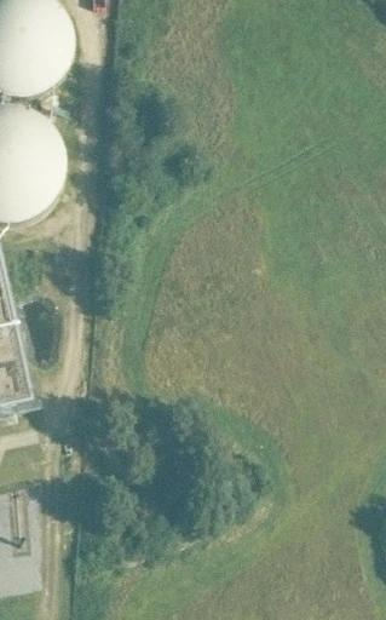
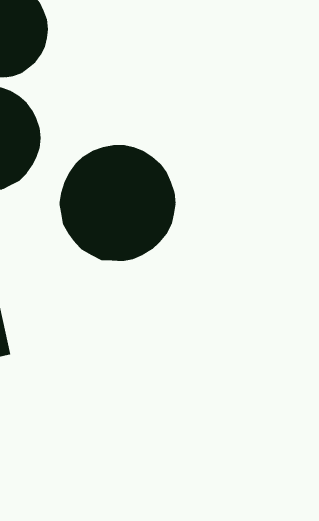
building: none -> [59,144,176,262]

